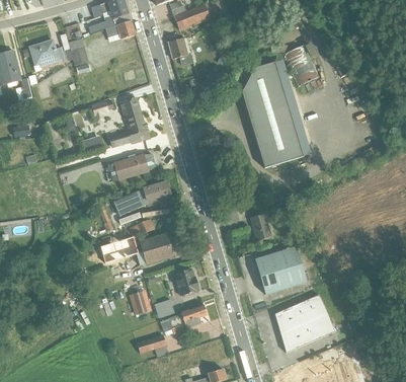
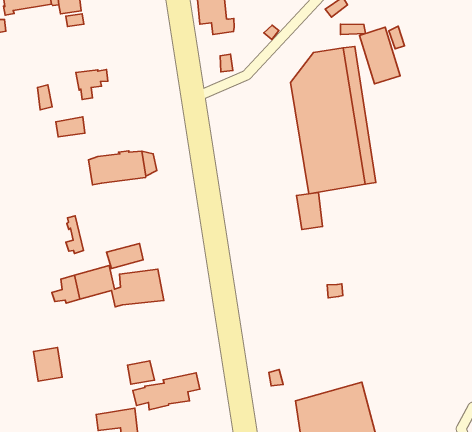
building: [107,96,150,147] -> none
building: [113,181,173,216] -> none
building: [250,213,271,240] -> [296,193,323,230]
building: [254,246,307,294] -> none
building: [173,269,198,296] -> none
building: [129,289,151,314] -> [34,347,62,381]

